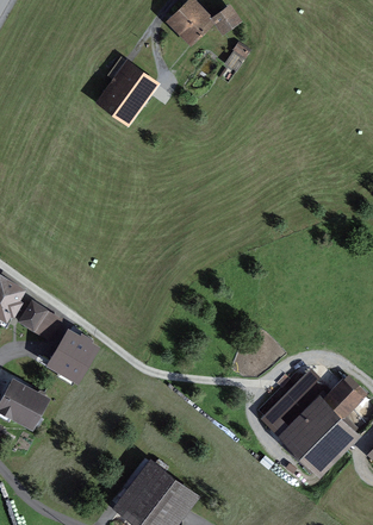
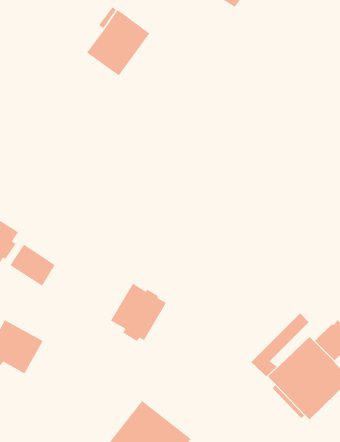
building: [44,324,101,383] -> [110,283,167,342]

